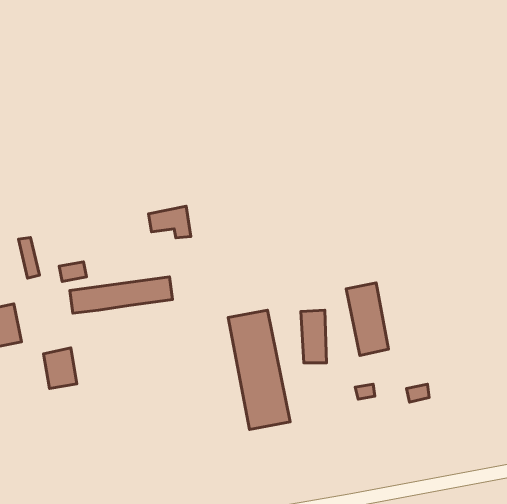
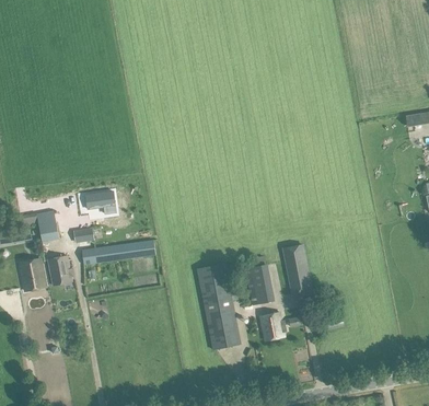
building: [149,206,191,238] -> [84,185,115,208]
building: [44,348,77,388] -> [47,255,71,285]
building: none -> [262,312,283,339]

